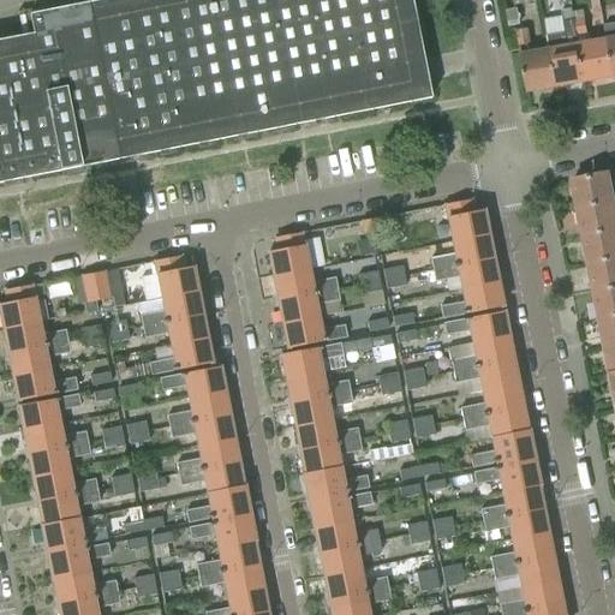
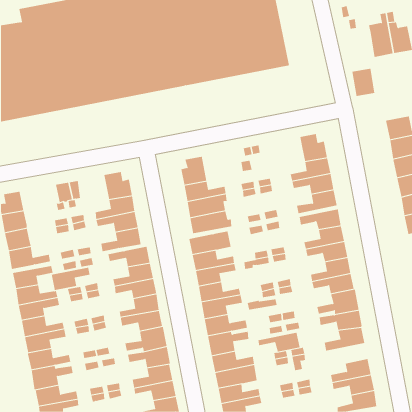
building: [523,48,557,90] -> [352,68,375,96]
building: none -> [51,267,90,291]
building: [485,509,549,539] -> [258,332,301,352]

